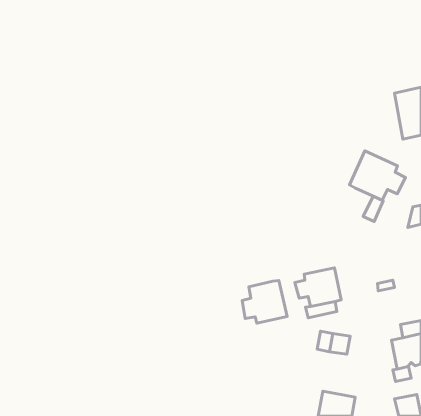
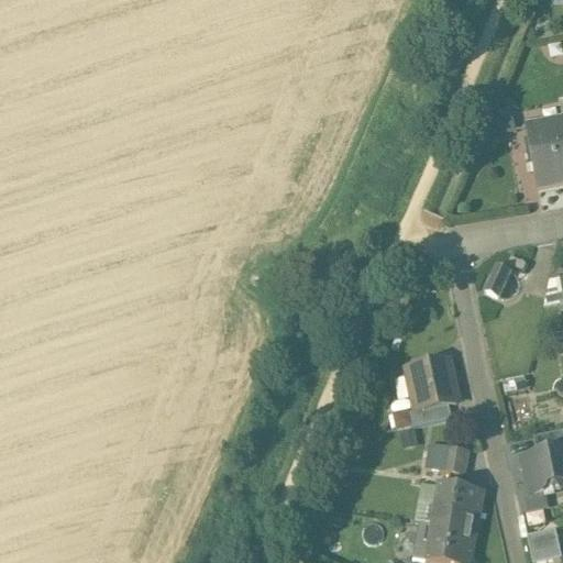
building: [349,151,406,200] -> none
building: [242,280,287,323] -> none
building: none -> [431,484,481,530]

